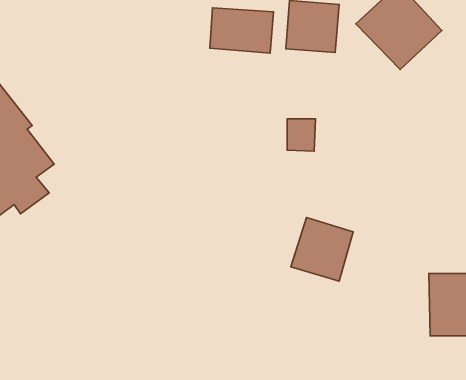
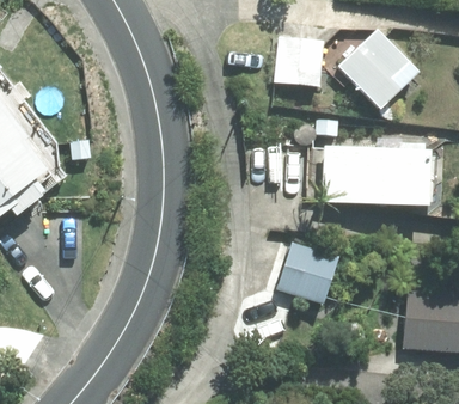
building: [210,8,274,53] -> none
building: none -> [322,139,428,190]

